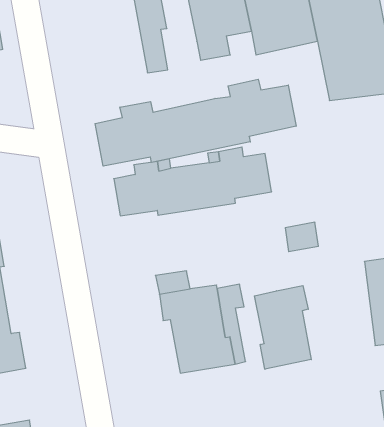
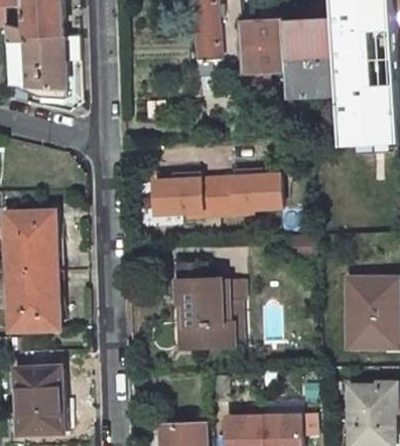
building: [95,79,296,166] -> none
building: [254,286,311,369] -> none

